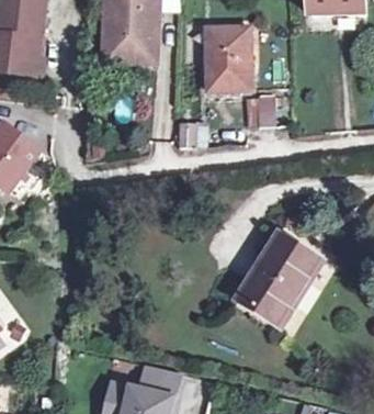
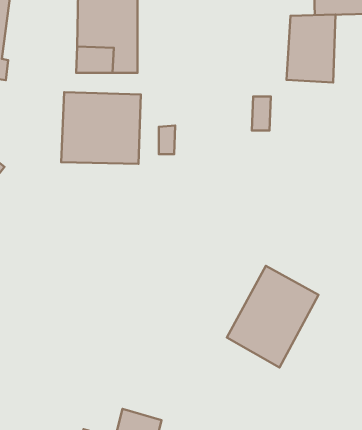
building: [211,33,253,92] -> [287,15,336,82]
building: none -> [61,92,141,164]

